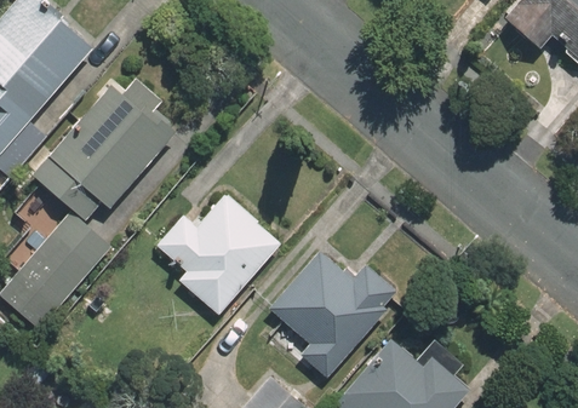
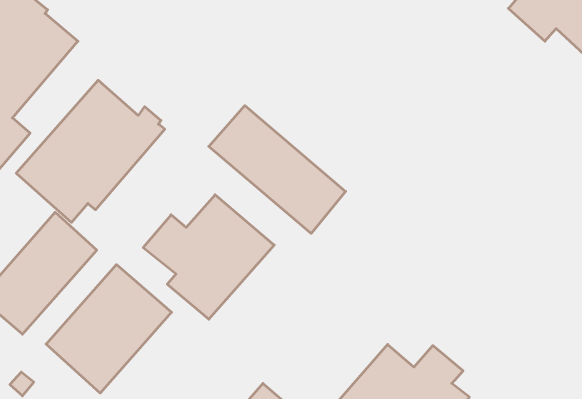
building: none -> [209,106,346,233]
building: [268,251,396,378] -> none
building: none -> [46,265,172,393]

